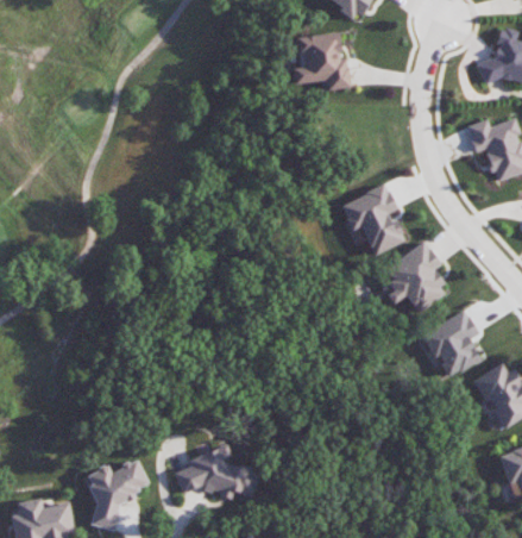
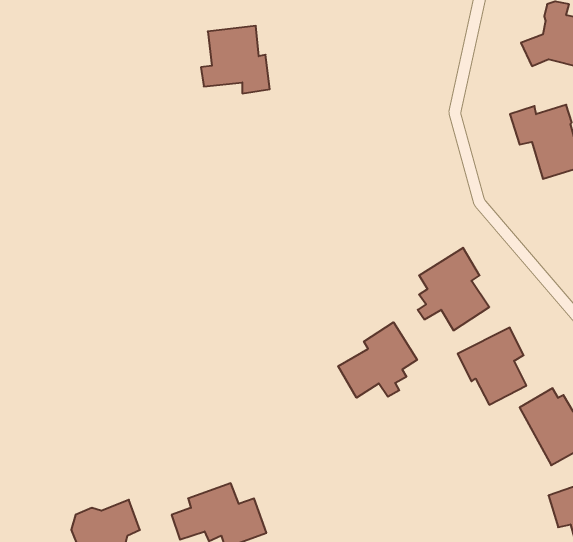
building: [290,32,350,90] -> [201,26,270,93]
building: [340,184,405,256] -> none
building: none -> [338,322,417,398]

